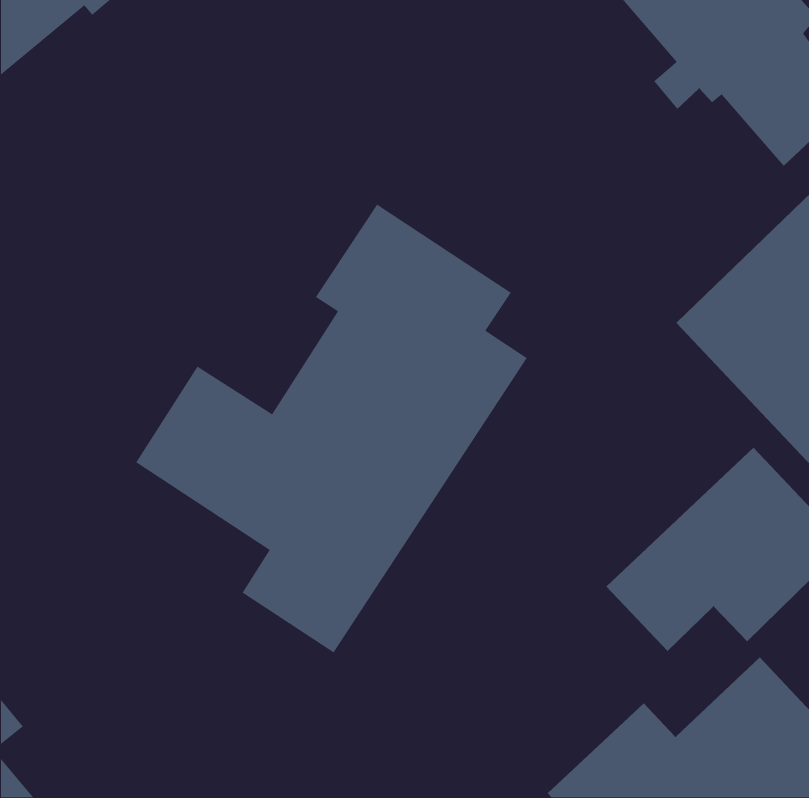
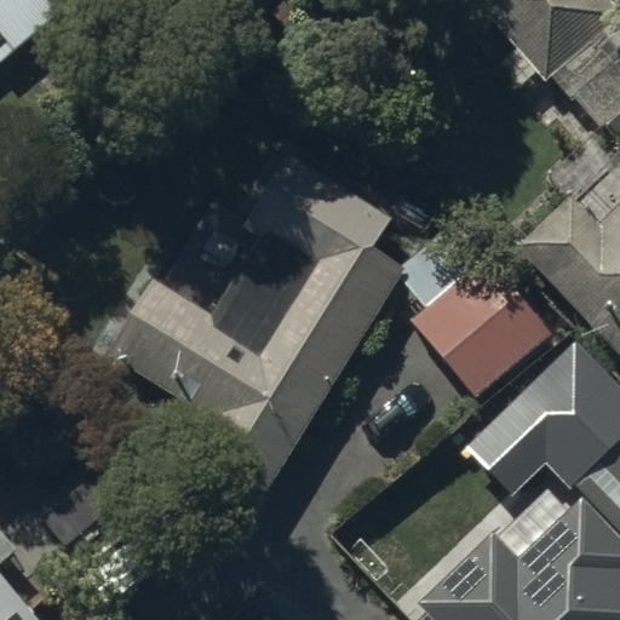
building: none -> [411,258,551,395]

